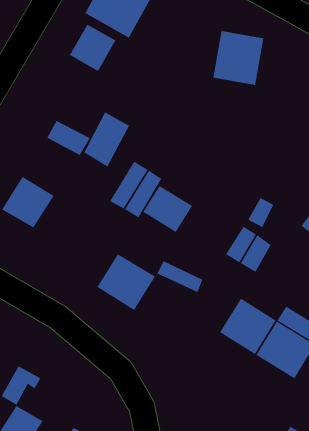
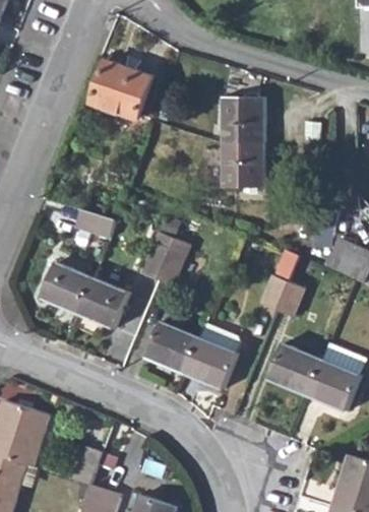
building: [69,24,116,72] -> none
building: none -> [220,143,262,188]
building: [83,111,130,168] -> none
building: [142,185,193,233] -> none
building: none -> [77,279,131,330]
building: none -> [185,338,238,389]

